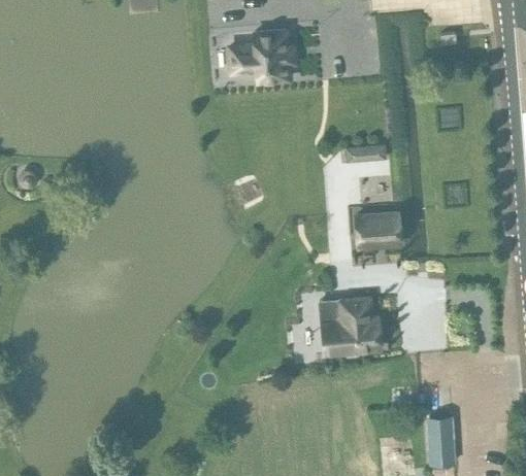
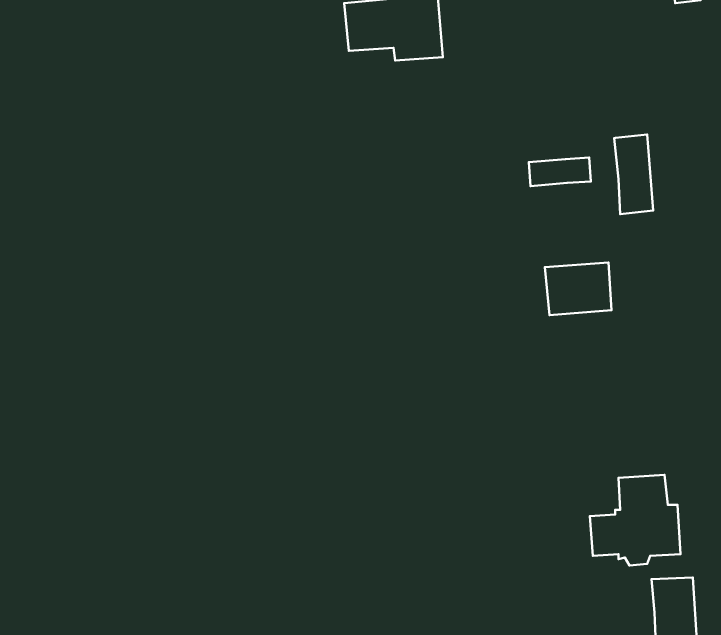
building: none -> [614,134,653,214]
building: [321,297,380,355] -> [590,475,681,565]

